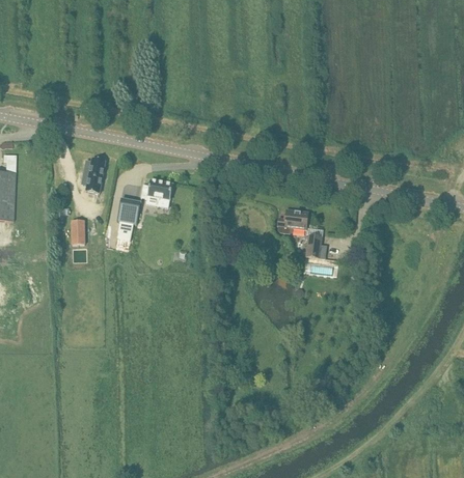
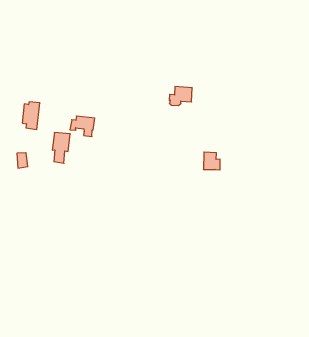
building: [278,208,308,232] -> [169,87,192,105]

